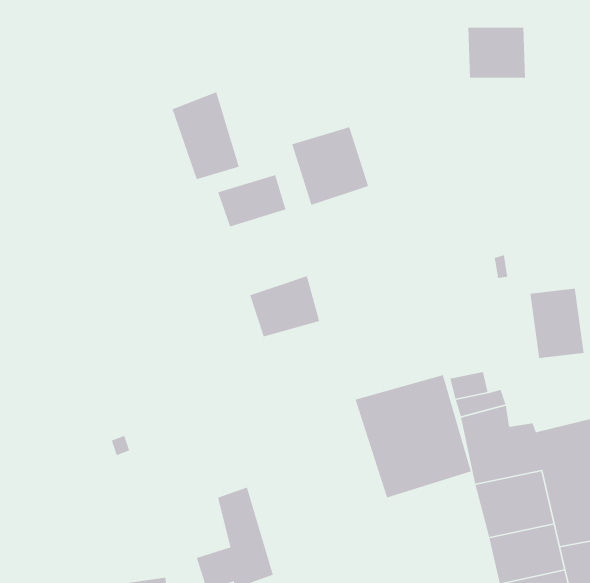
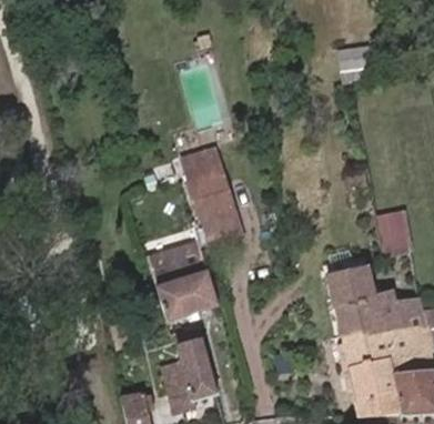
building: [171,91,240,180] -> none
building: [291,126,369,206] -> [188,166,236,216]
building: [355,374,472,498] -> [145,242,219,320]

